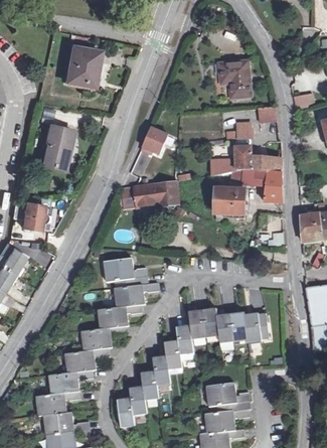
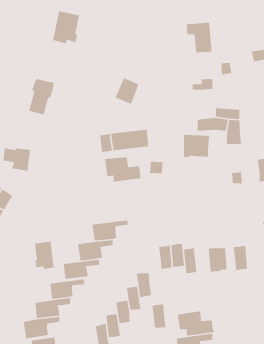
building: [217,144,254,170] -> none
building: [104,259,146,288] -> [104,157,141,182]
building: none -> [34,241,55,270]
building: [230,313,248,342] -> [233,245,248,271]
building: [177,326,194,354] -> [151,304,167,329]

